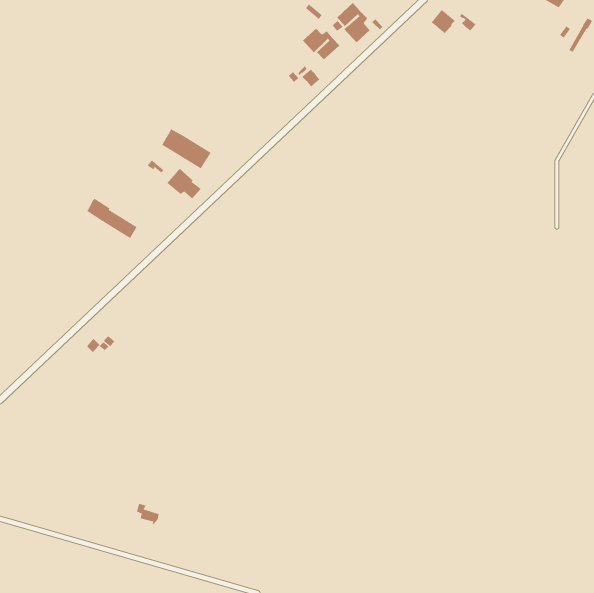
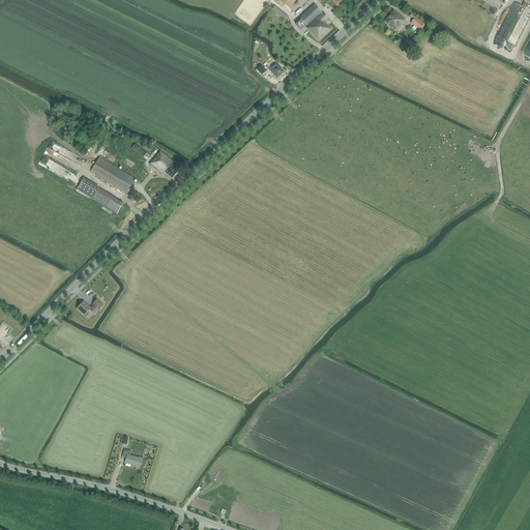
building: [302,28,340,60] -> none
building: [161,128,212,169] -> [90,155,135,192]

